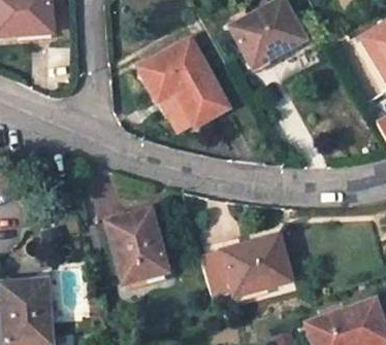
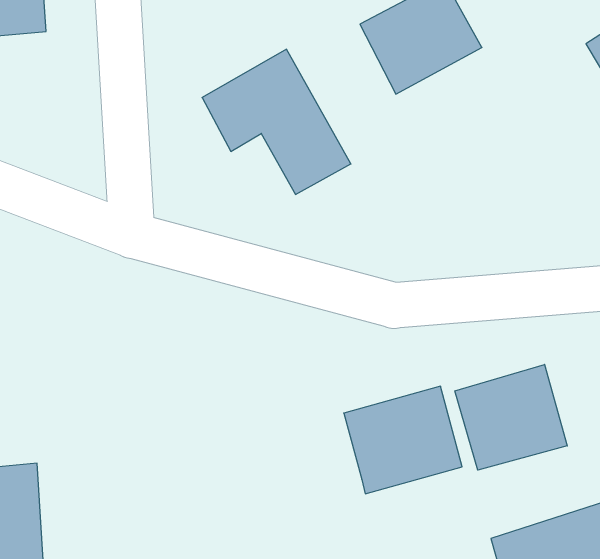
building: [106,208,168,283] -> none
building: none -> [455,364,567,470]
building: [201,250,233,294] -> none

